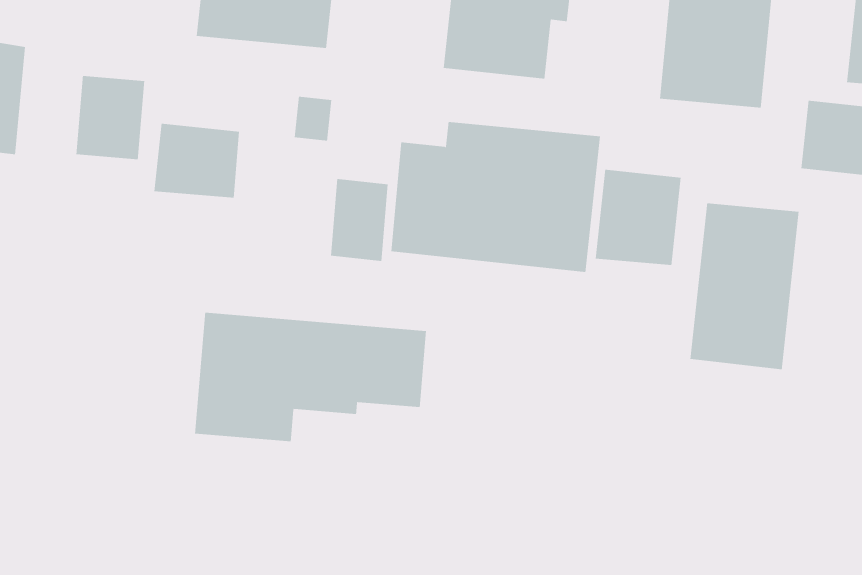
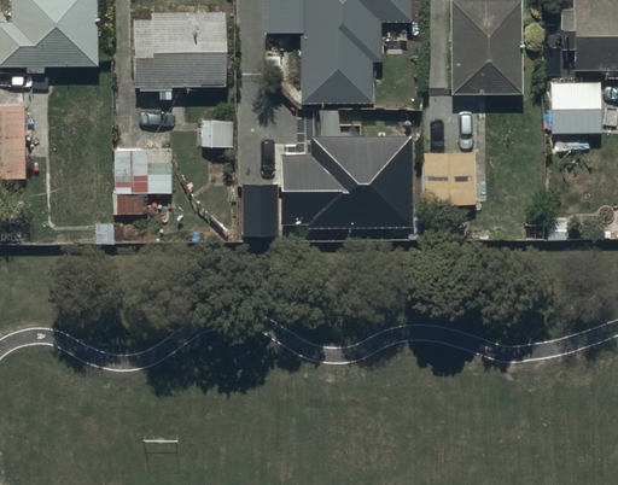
building: [76,75,145,160] -> none
building: [690,203,799,370] -> none
building: [194,312,427,442] -> none

